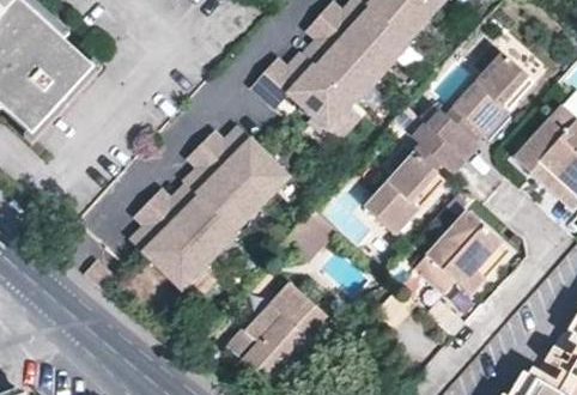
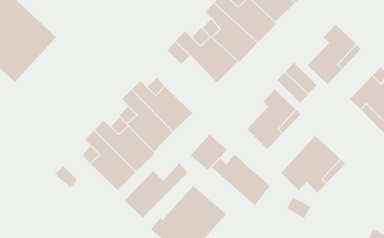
building: none -> [211,153,271,206]
building: none -> [124,163,188,218]

